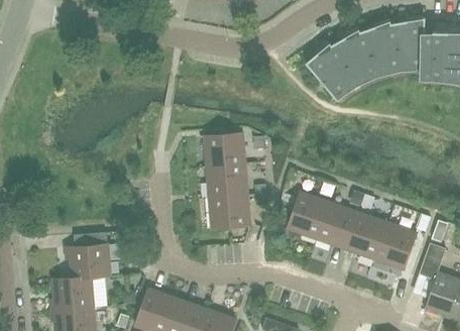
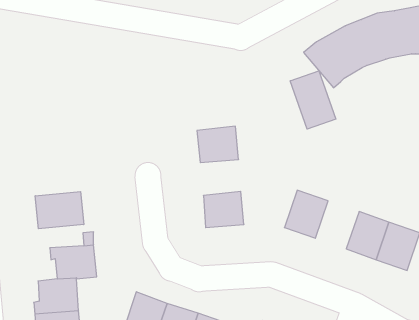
building: none -> [290,71,336,129]
building: [208,164,246,199] -> none
building: none -> [35,192,84,229]
building: [317,204,358,249] -> none

